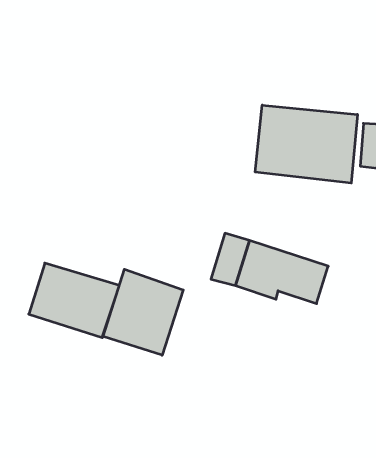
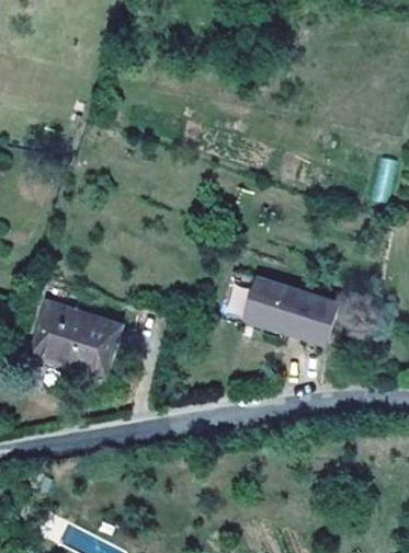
building: [255,105,357,183] -> none
building: [103,269,183,355] -> none

